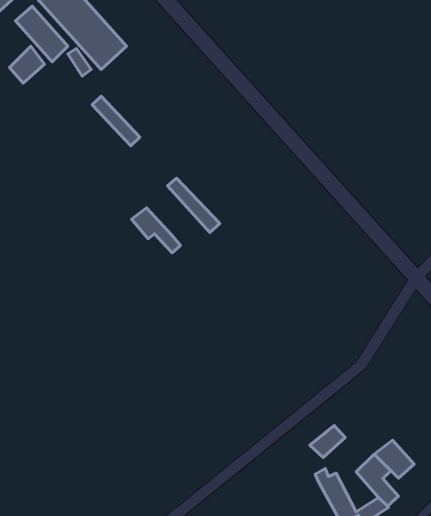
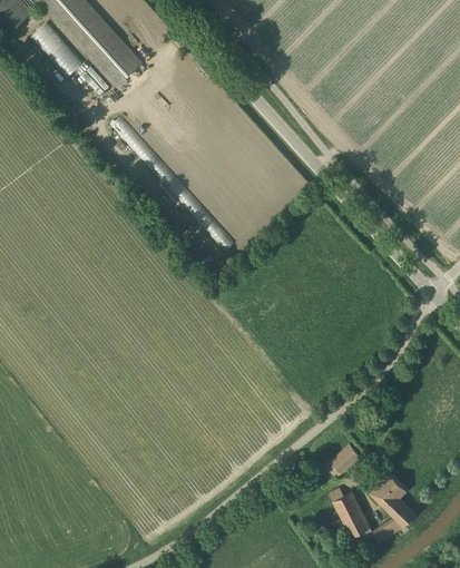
building: [10,46,45,83] -> none
building: [131,208,180,253] -> none
building: [374,440,414,478] -> none

